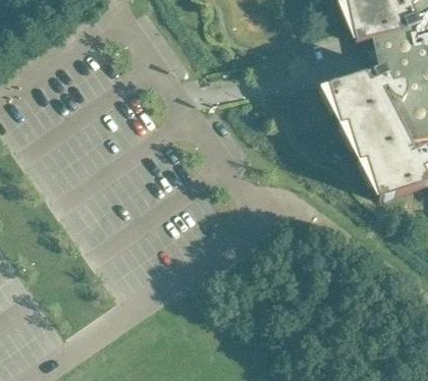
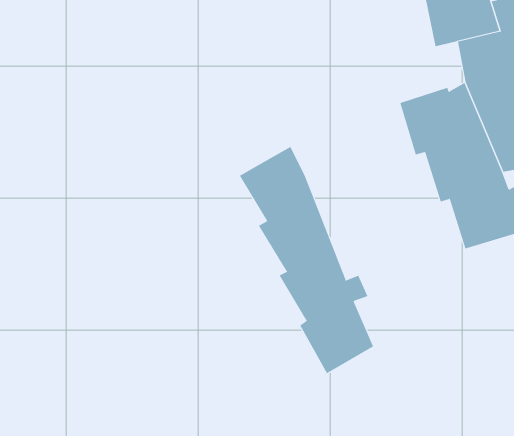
building: none -> [239,146,374,374]

